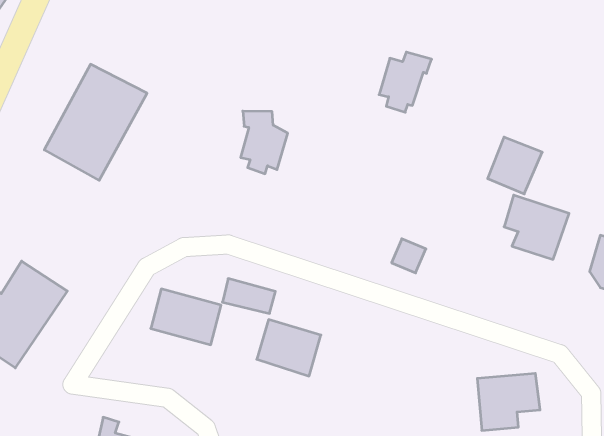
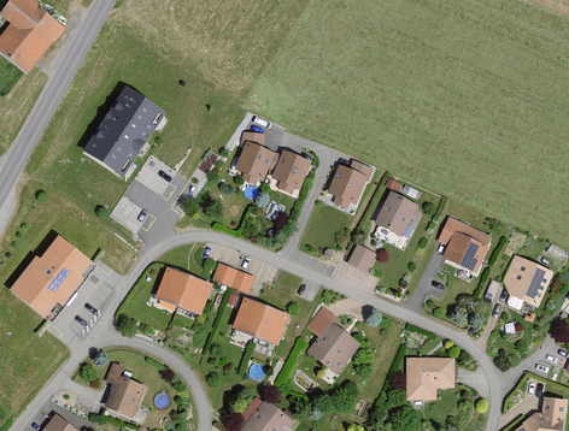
building: [379,52,432,112] -> [328,163,371,209]
building: none -> [271,150,311,193]
building: [488,137,542,194] -> [374,191,418,237]
building: none -> [307,308,362,377]

